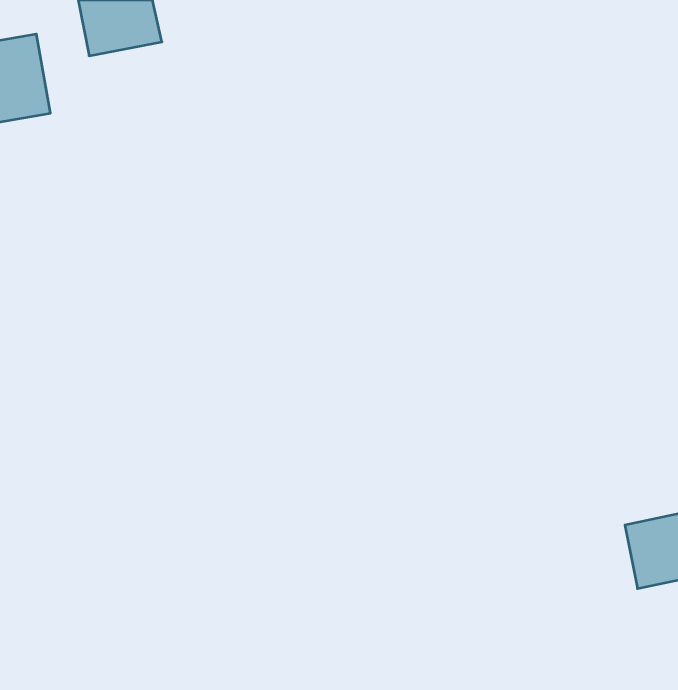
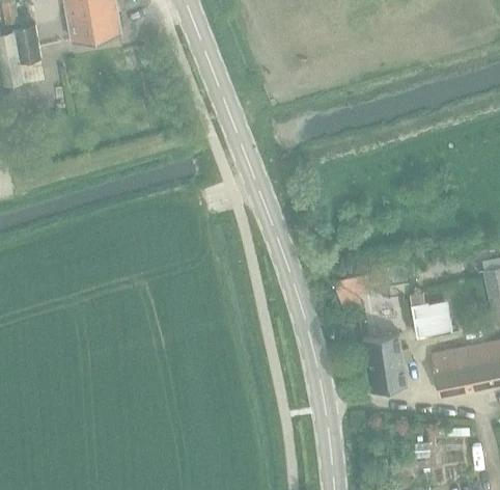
building: none -> [412,303,450,336]
building: none -> [362,331,408,388]

